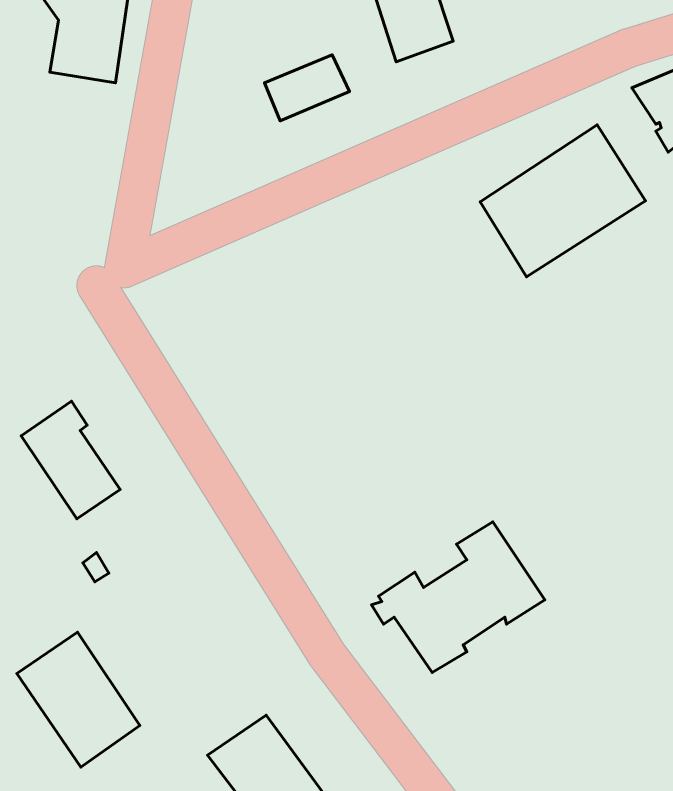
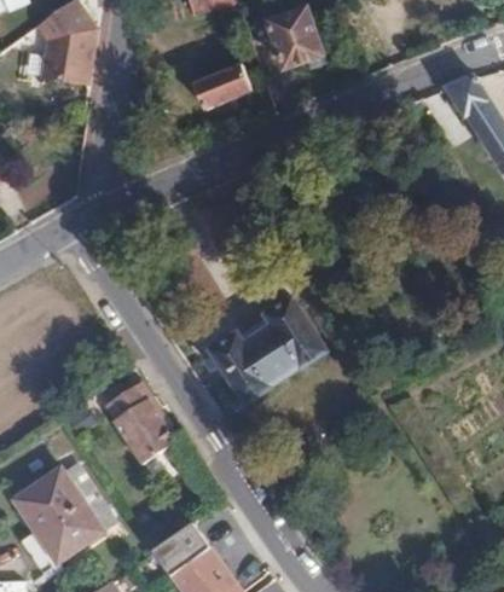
building: [480,125,646,277] -> none
building: [21,401,120,519] -> [105,385,174,468]
building: [372,522,545,673] -> [207,297,328,402]

